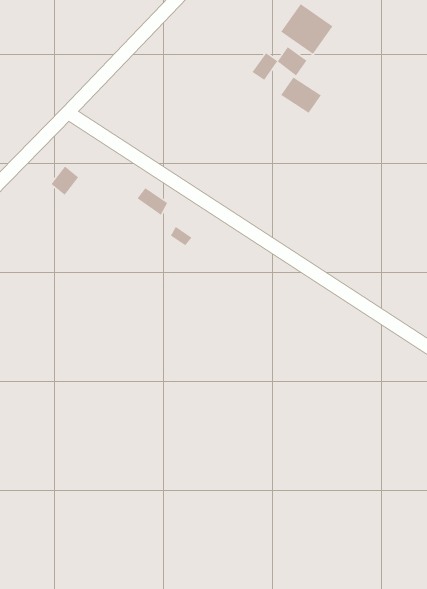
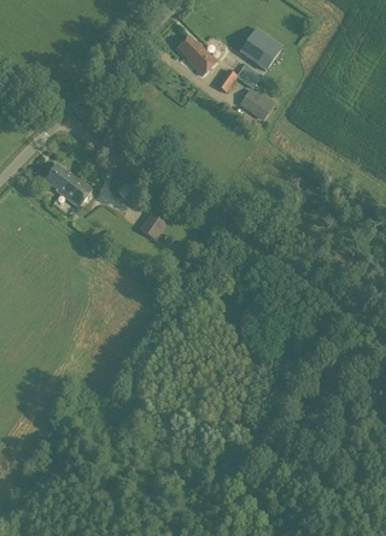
building: none -> [176,36,216,75]
building: none -> [54,171,92,207]

